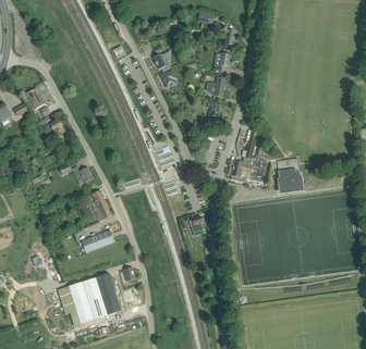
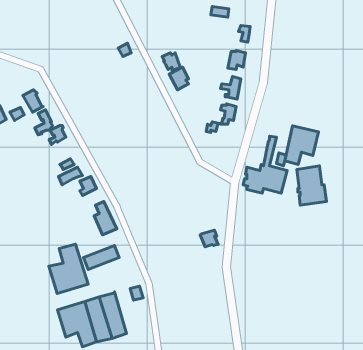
building: none -> [285,126,318,164]
building: none -> [49,244,88,294]

